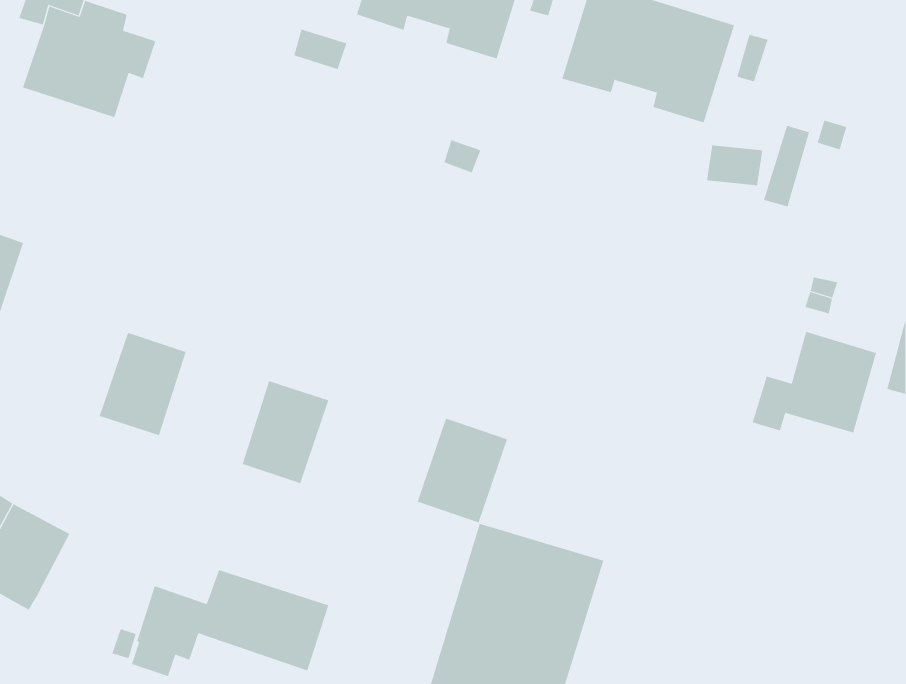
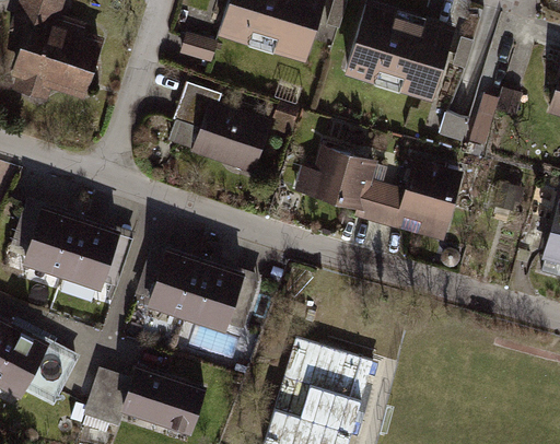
building: none -> [178,84,267,171]
building: none -> [295,151,383,218]
building: none -> [24,210,80,274]
building: [752,331,877,433] -> [382,164,458,226]
building: [417,418,508,523] -> [186,265,242,329]
building: none -> [24,347,75,401]

